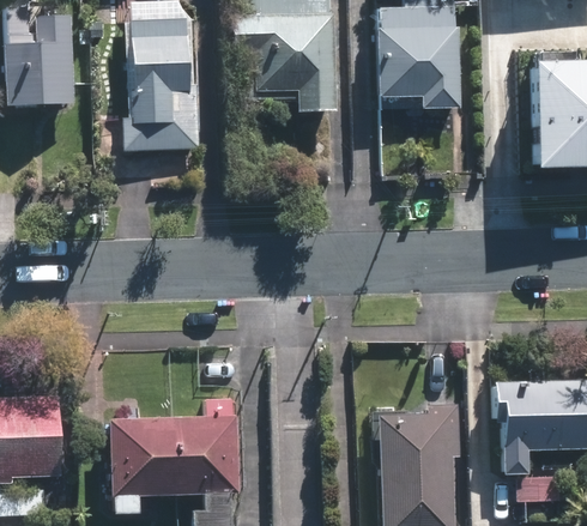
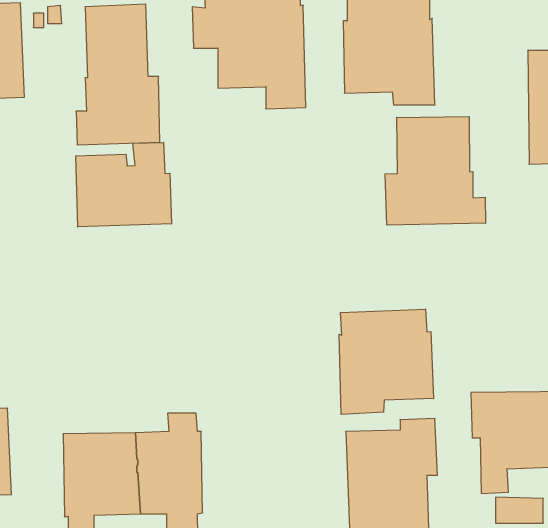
building: none -> [385,117,485,225]
building: none -> [76,142,171,227]
building: none -> [339,309,433,414]

